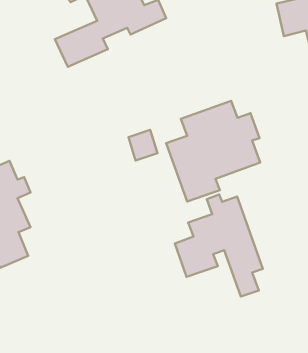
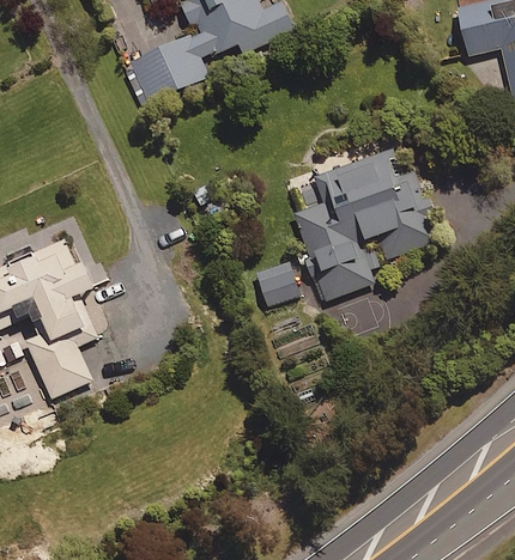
building: [128,130,158,161] -> [256,262,299,308]
building: [175,194,263,297] -> none

